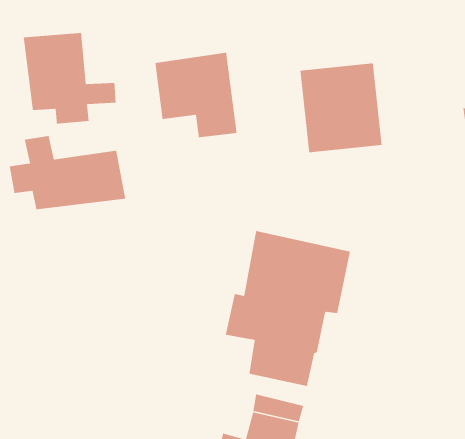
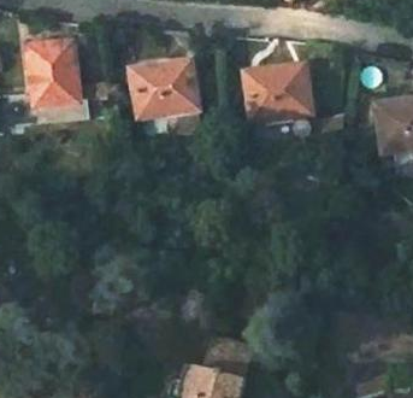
building: [9,135,126,210] -> none
building: [225,230,351,387] -> none

